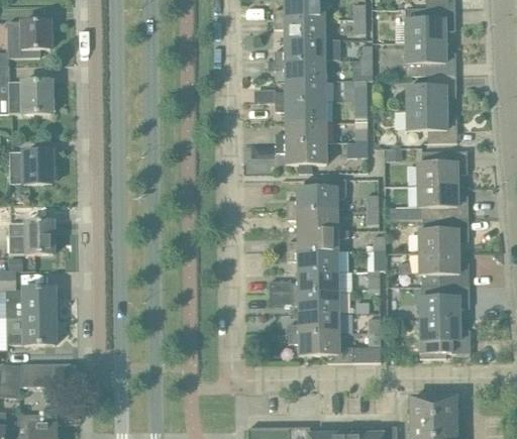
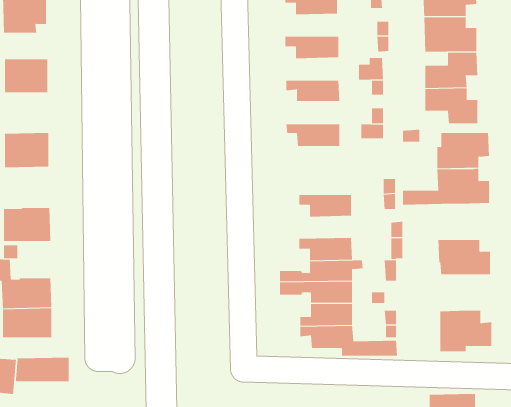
building: [274,38,325,60] -> none
building: [275,80,325,101] -> none
building: [275,121,326,142] -> none
building: [286,178,345,209] -> none
building: [418,217,469,251] -> none
building: [287,229,348,250] -> none
building: [419,285,470,319] -> none

